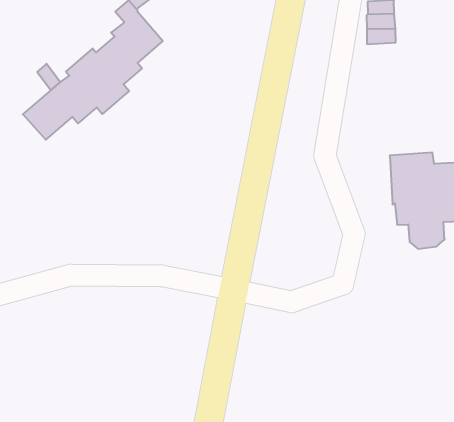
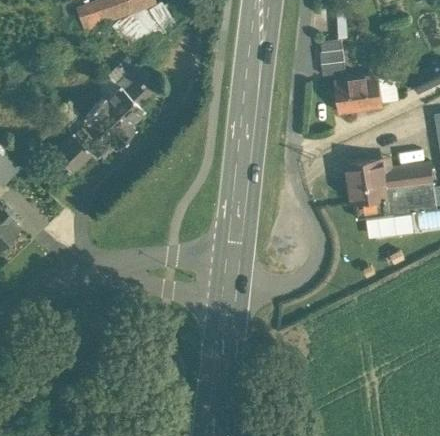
building: none -> [334,75,383,114]

